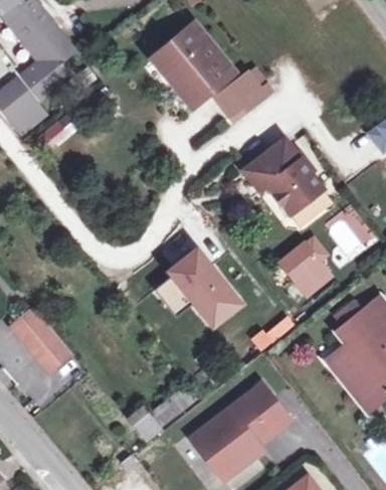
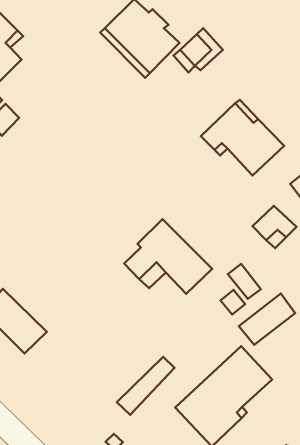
building: none -> [239,293,295,345]

